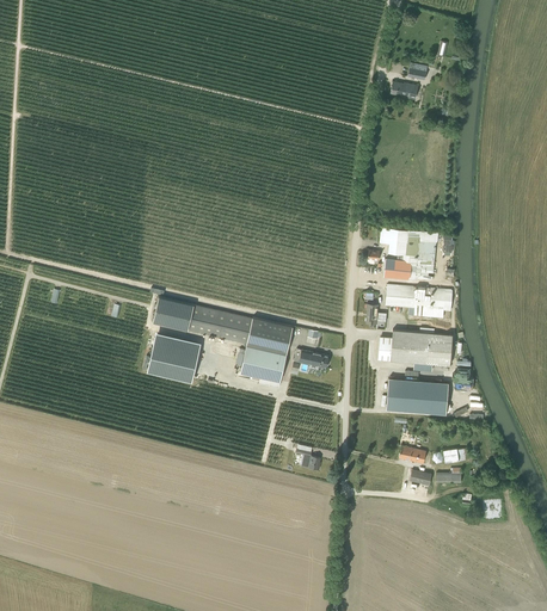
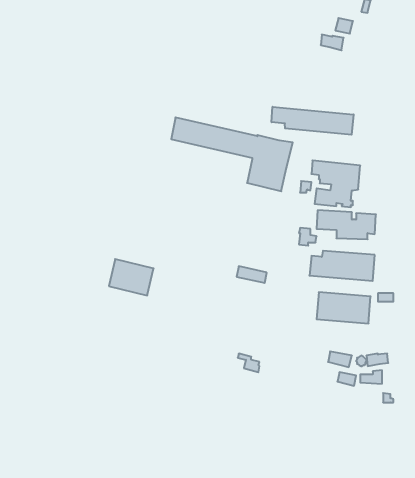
building: none -> [272,107,354,135]
building: [153,297,293,382] -> [171,117,293,191]

